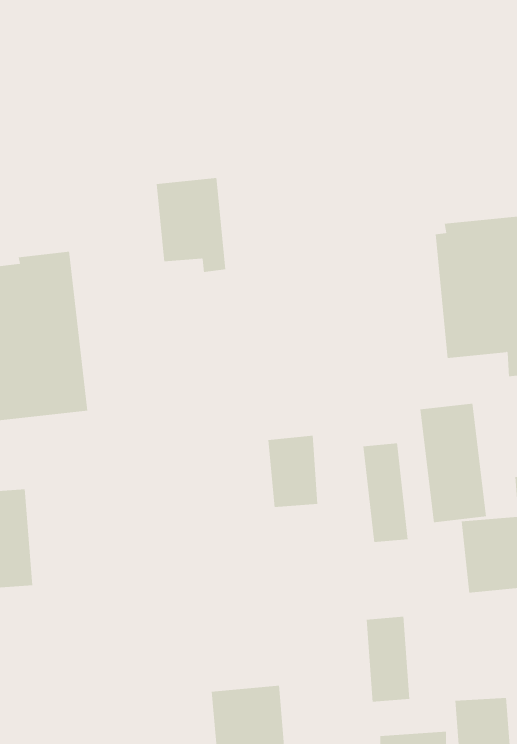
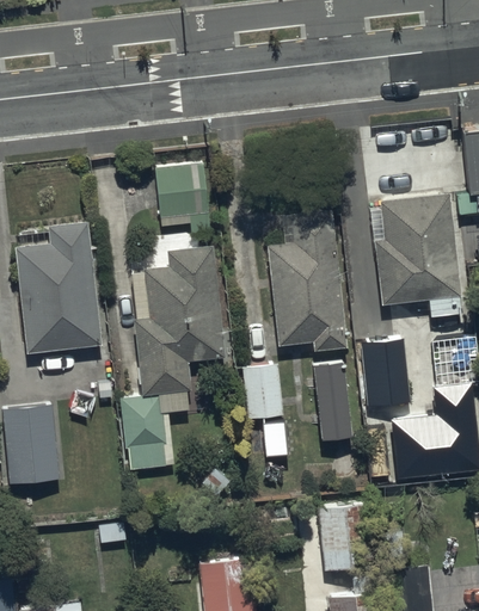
building: none -> [268,209,348,351]
building: none -> [121,243,226,470]

